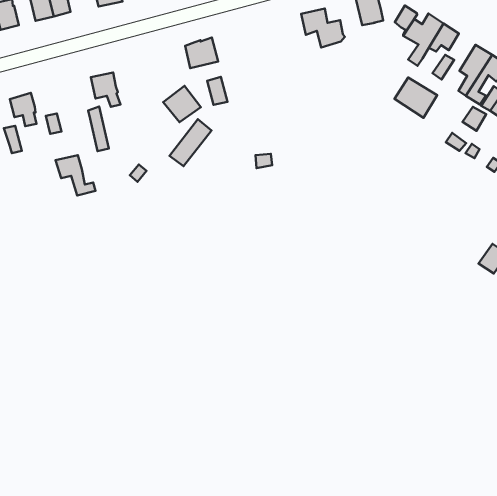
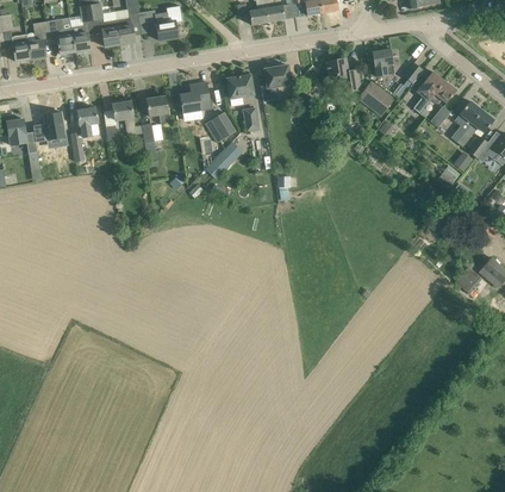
building: none -> [260,64,291,100]
building: none -> [180,81,211,112]
building: [395,78,437,118] -> [359,81,394,116]
building: [55,155,95,195] -> [112,101,143,135]

